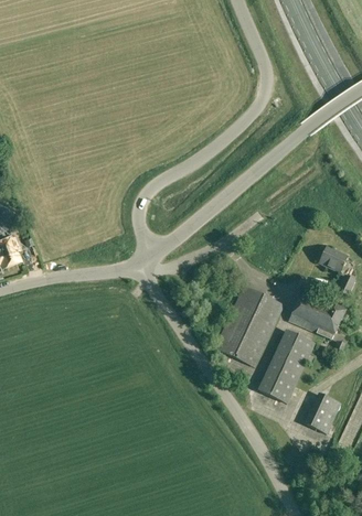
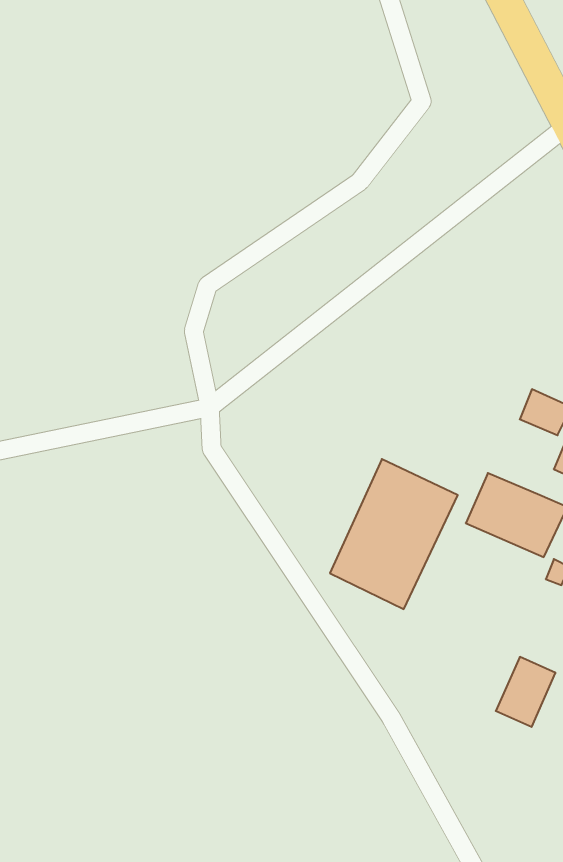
building: [259,330,315,402] -> none

